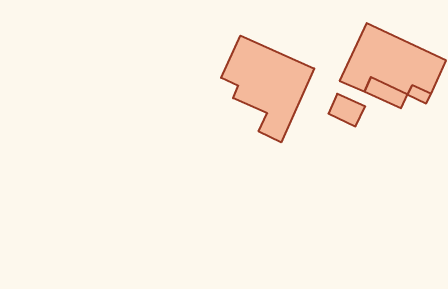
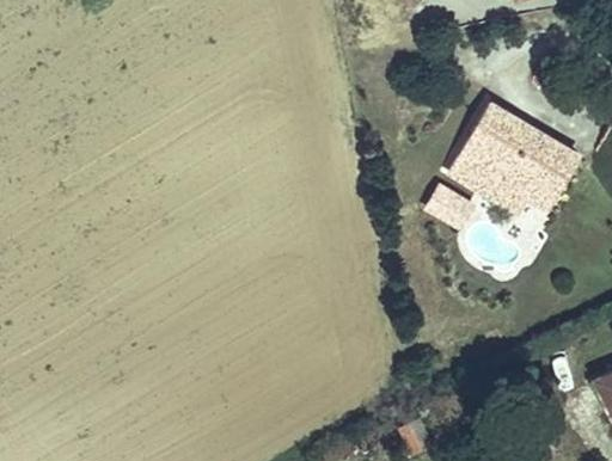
building: [221,36,314,142] -> none

